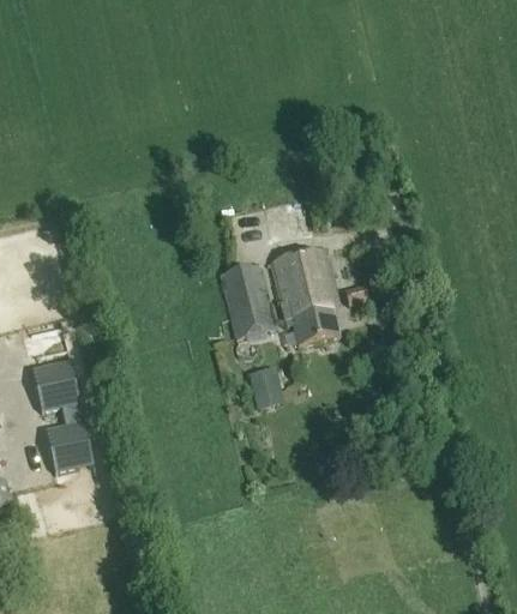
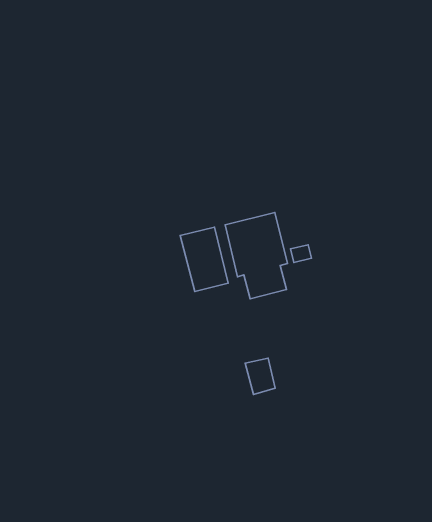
building: [32,359,95,471] -> none
building: [248,366,283,408] -> [245,358,275,394]

